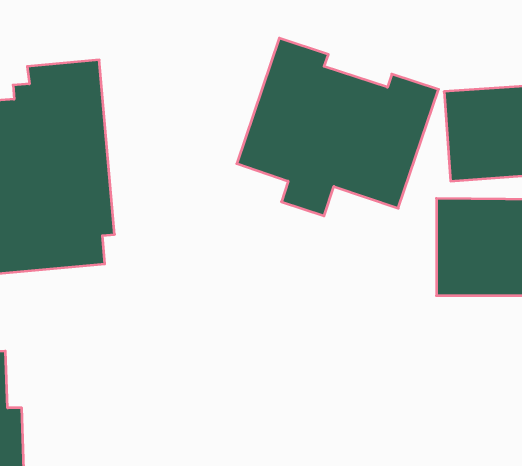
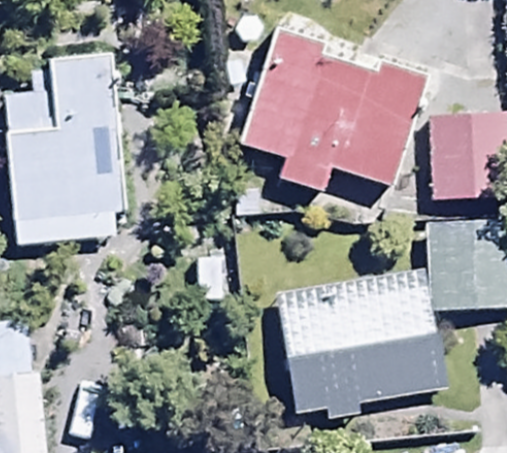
building: none -> [276,250,431,390]

